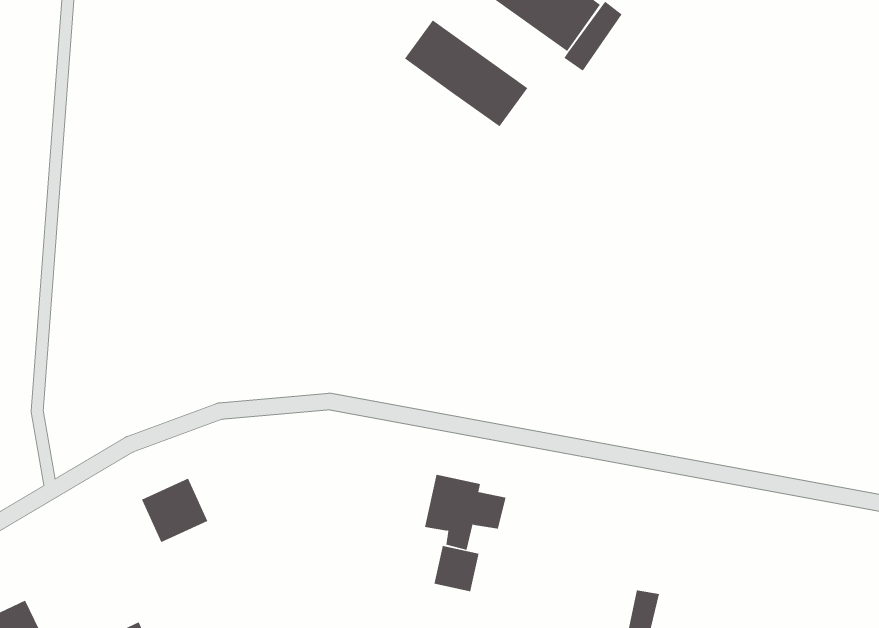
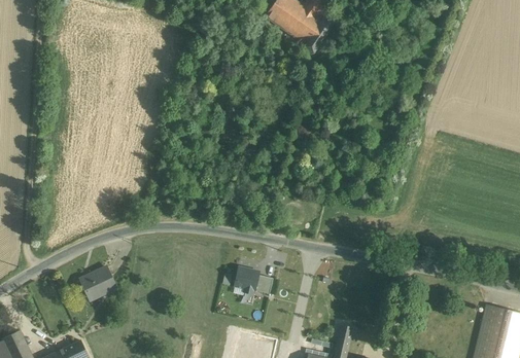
building: [404,20,528,127] -> none
building: [434,545,479,592] -> none

